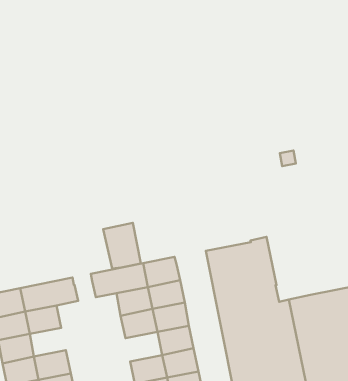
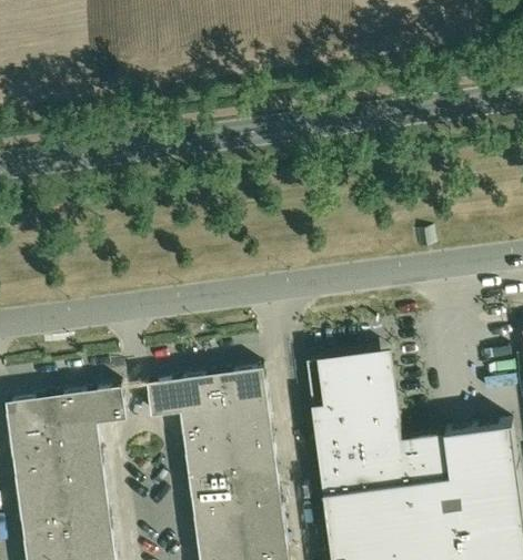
building: [103,223,141,269] -> none
building: none -> [58,455,105,491]
building: none -> [188,469,237,507]

